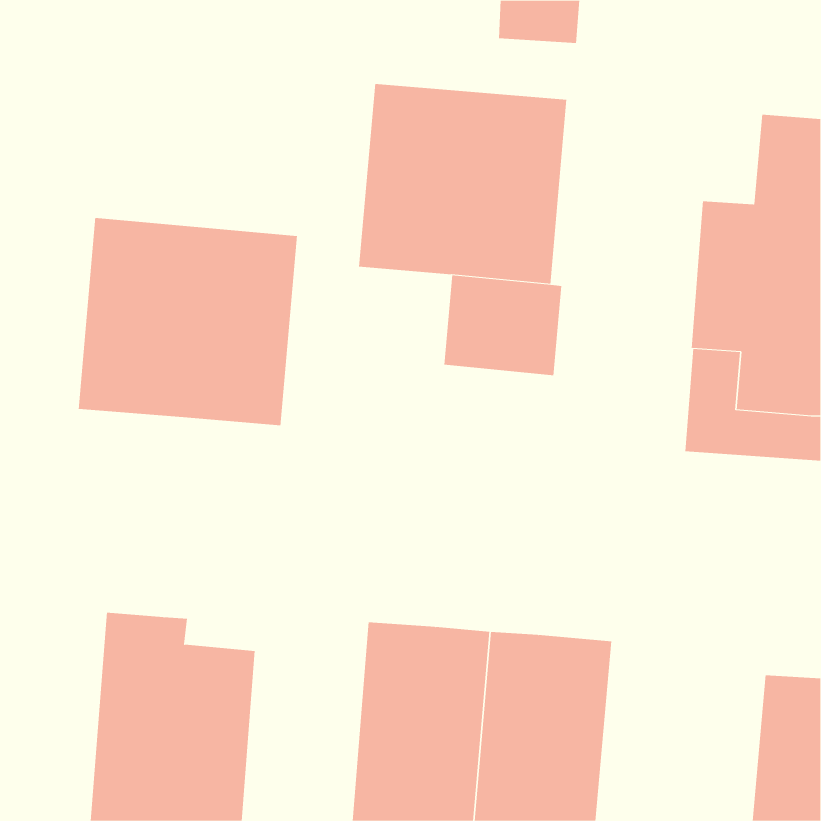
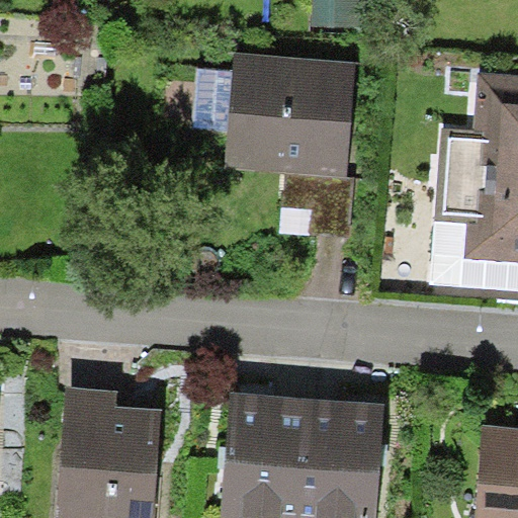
building: [78,217,297,426] -> none

